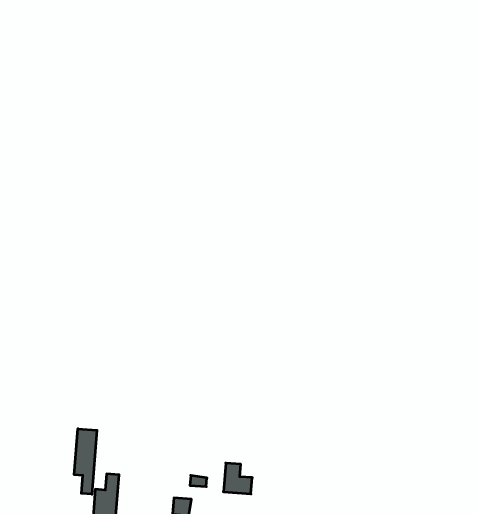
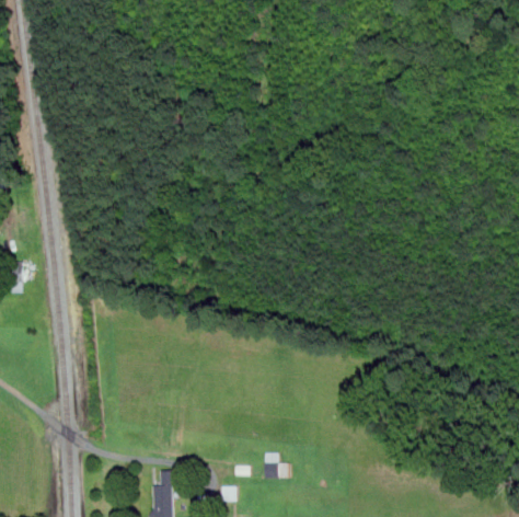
building: [74,429,97,494] -> none

